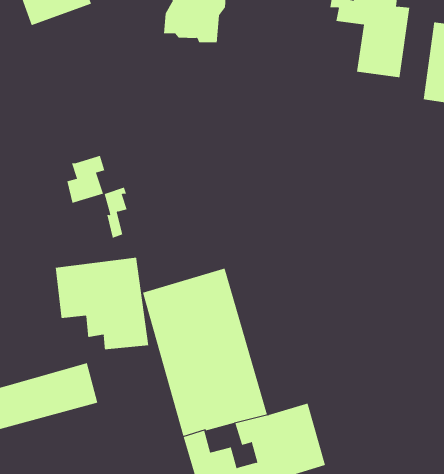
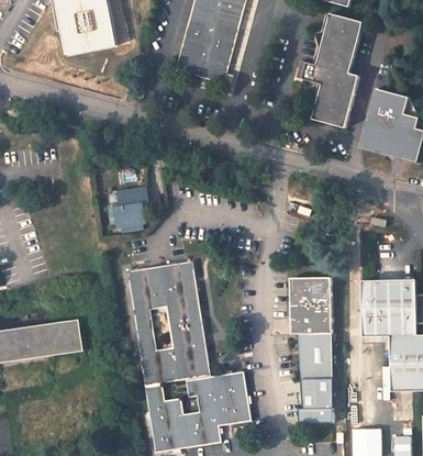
building: [66,155,105,203] -> [116,190,147,224]
building: [55,257,149,350] -> none
building: none -> [286,278,333,424]

